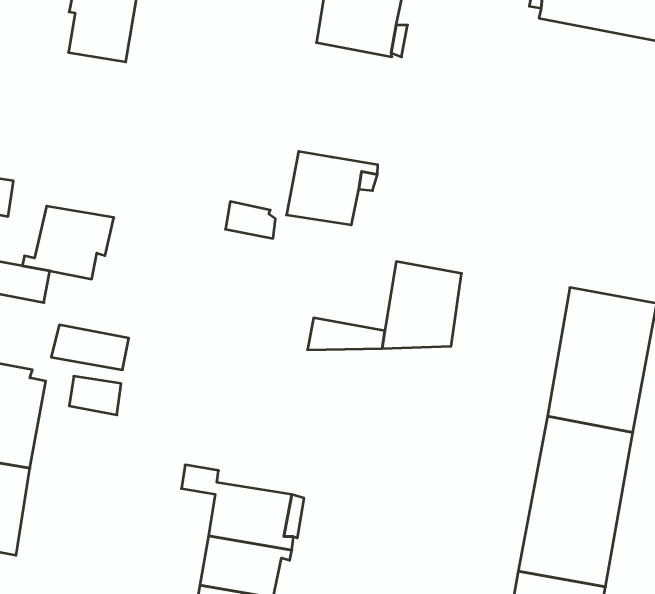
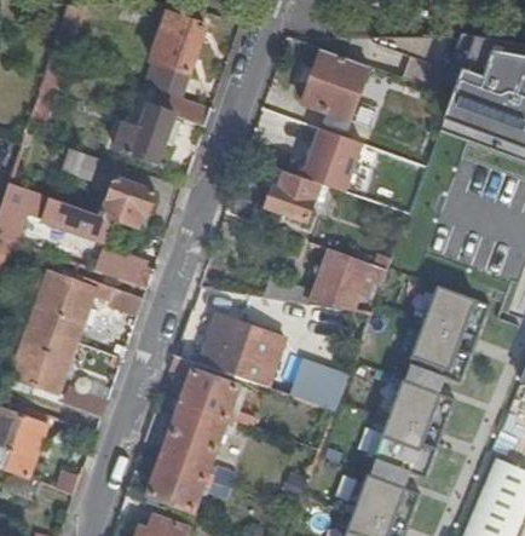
building: none -> [114,87,209,161]
building: none -> [300,129,363,194]
building: none -> [200,316,284,387]
building: none -> [298,364,347,411]

